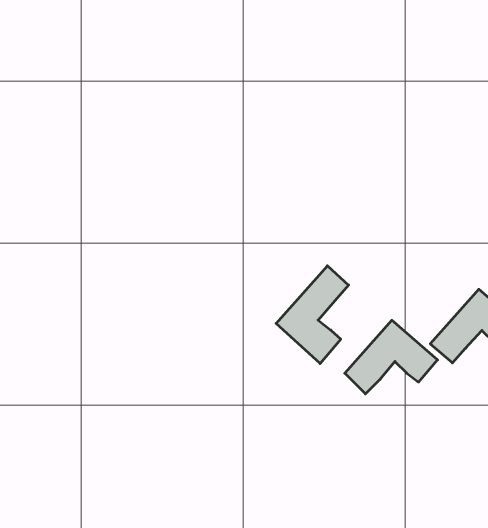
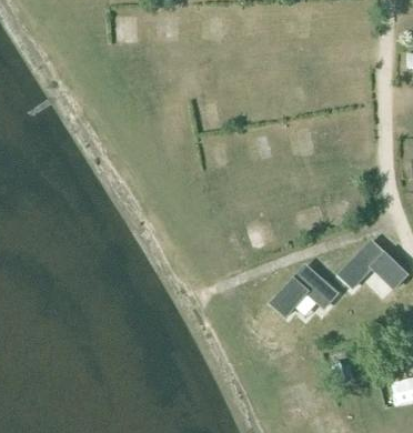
building: [276,266,349,364] -> none

